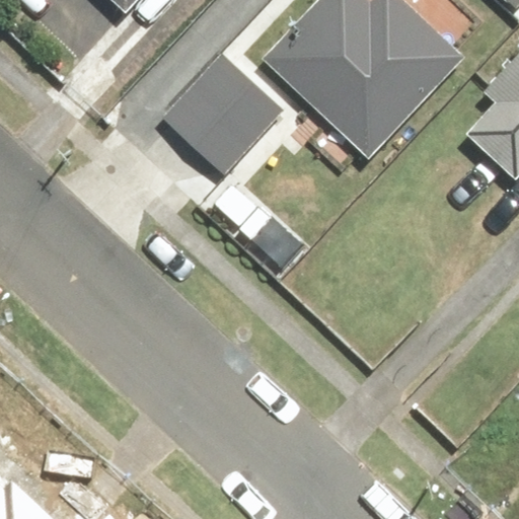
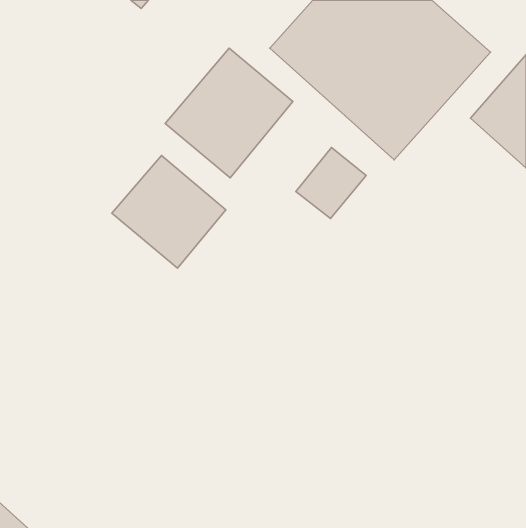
building: none -> [112,156,226,268]

